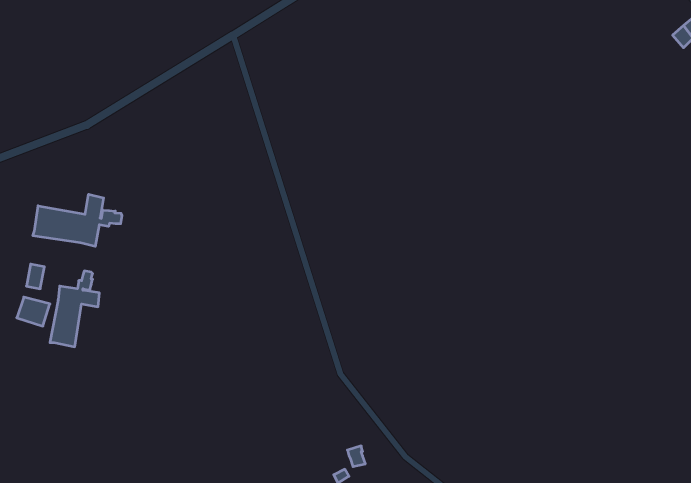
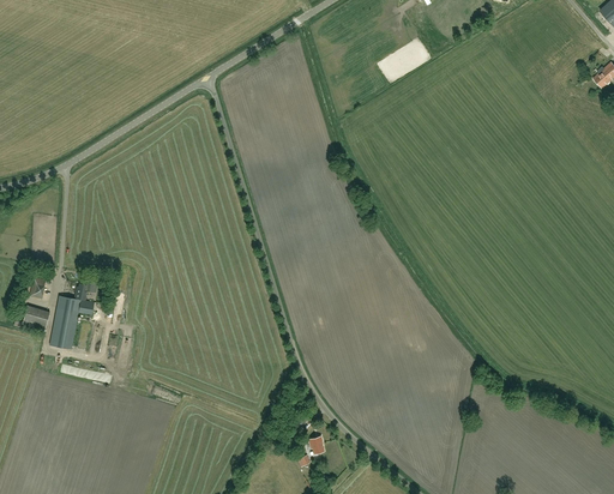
building: [33,194,122,246] -> none

